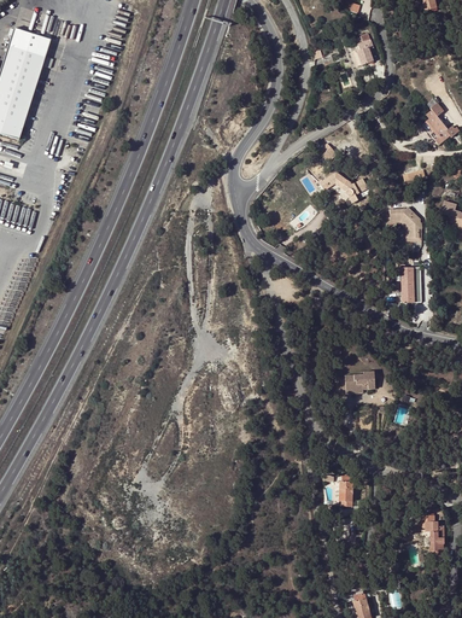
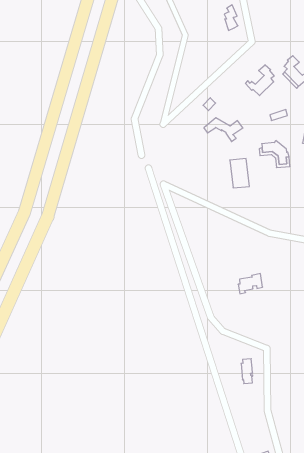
building: none -> [246,65,274,96]
building: [400,267,422,302] -> [230,159,249,188]

